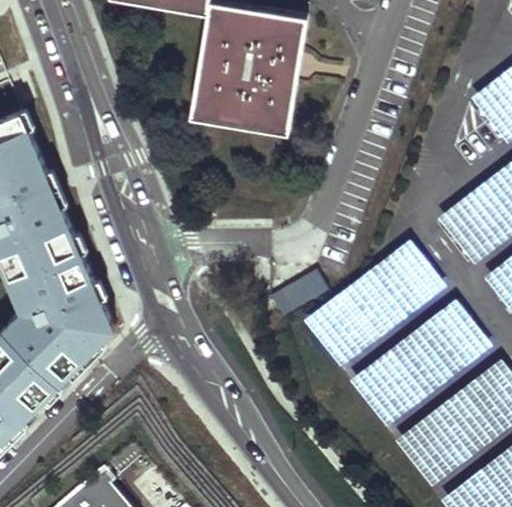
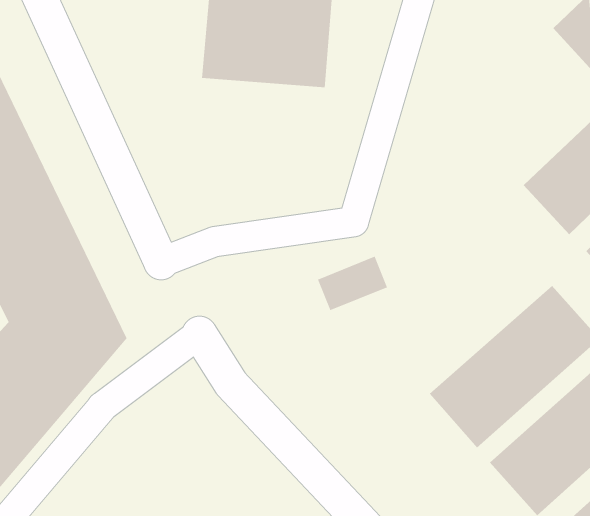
building: [305,242,446,368] -> none

